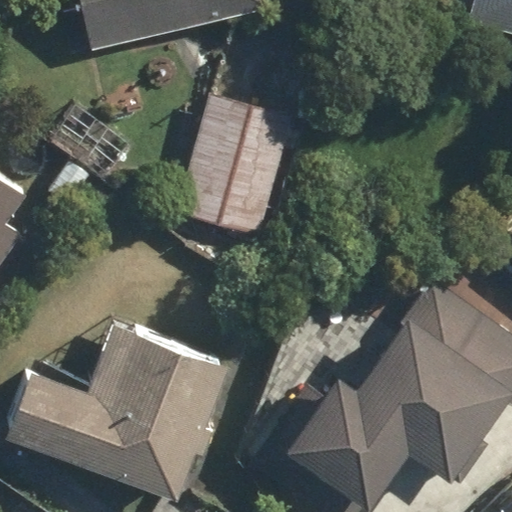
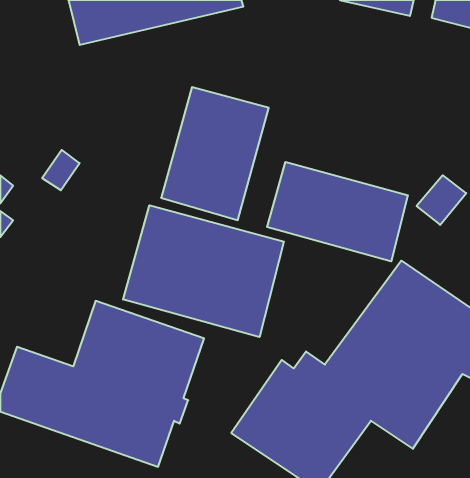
building: none -> [267,162,408,261]
building: none -> [123,205,284,337]

